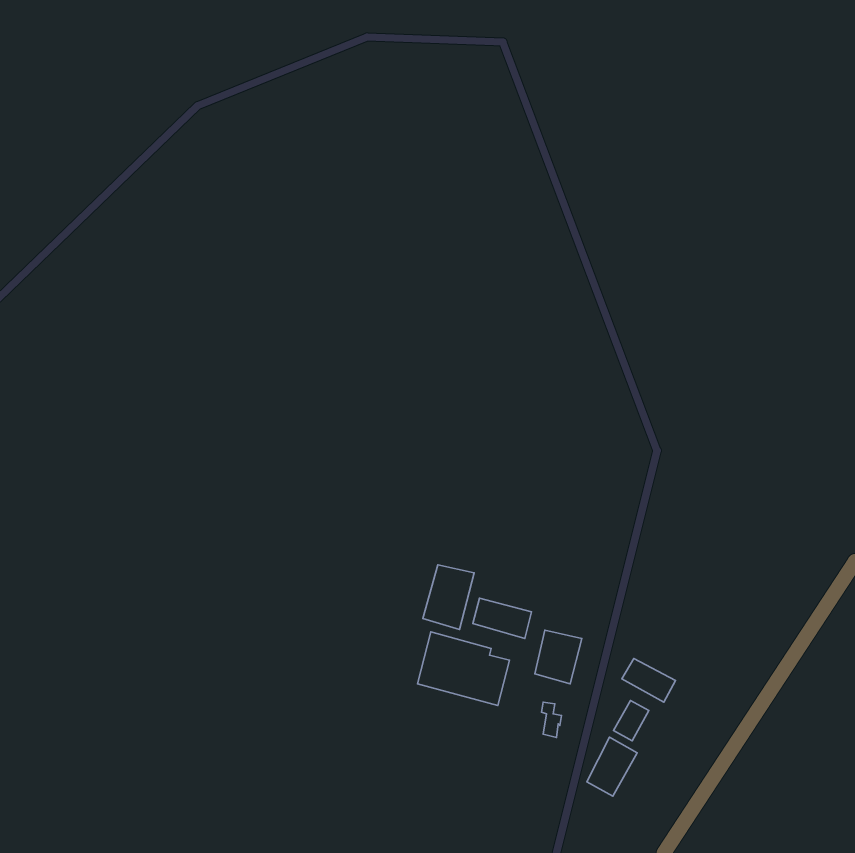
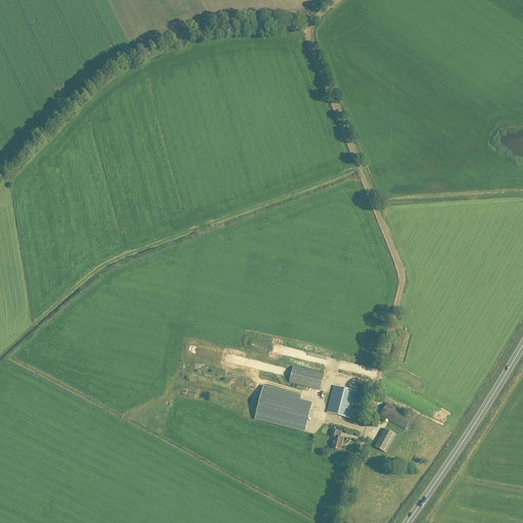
building: [423,565,474,630] -> none
building: [587,737,637,796] -> none

